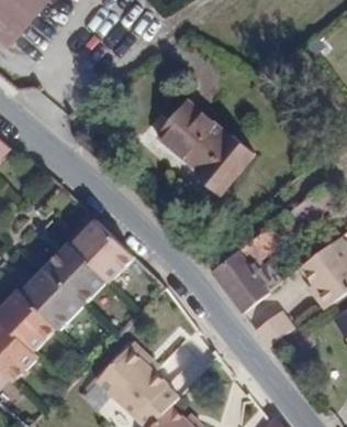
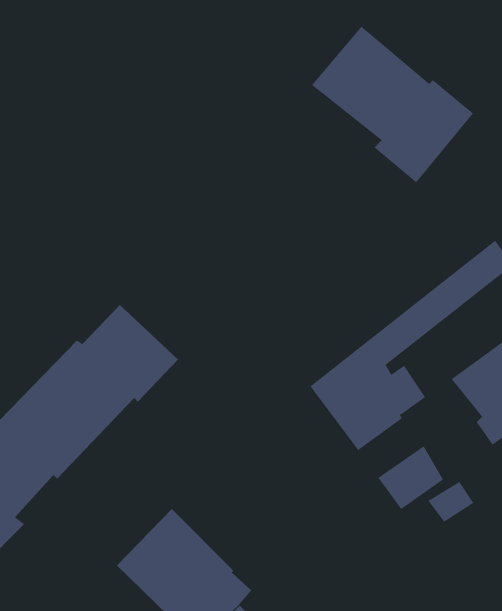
building: [157,99,257,196] -> [311,26,474,183]

